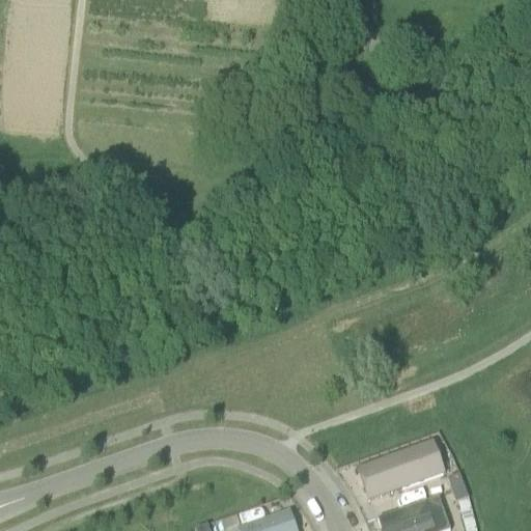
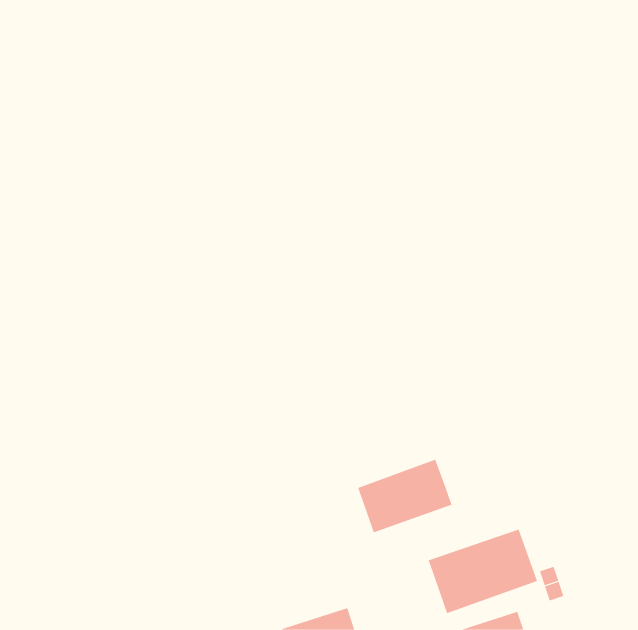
building: none -> [357,459,452,533]

